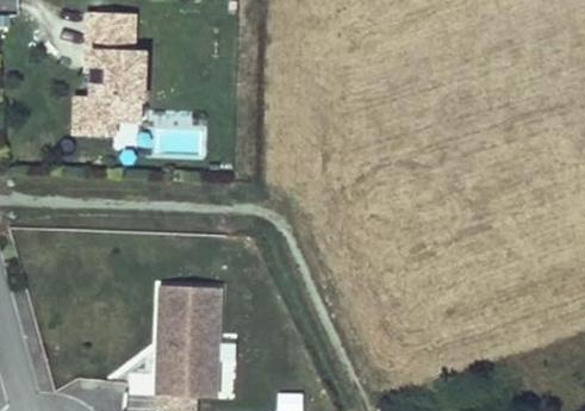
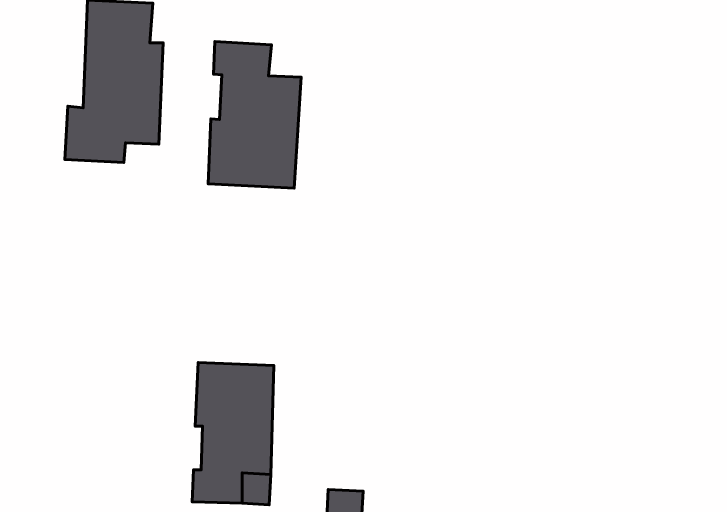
building: none -> [208,42,301,188]

